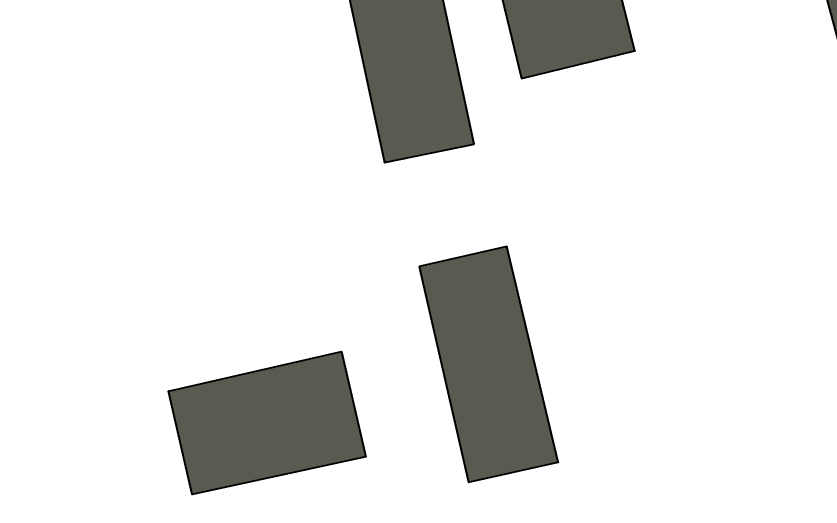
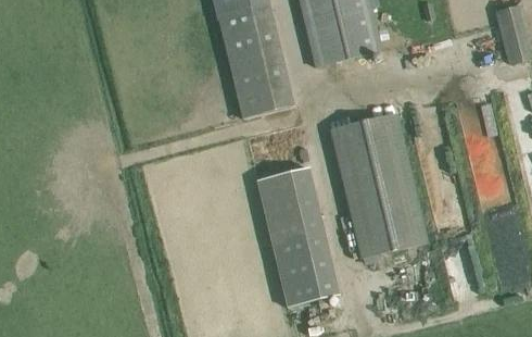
building: none -> [331,112,431,258]
building: [169,352,366,494] -> none

